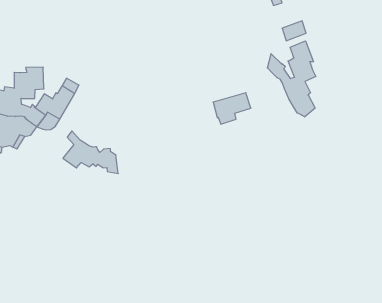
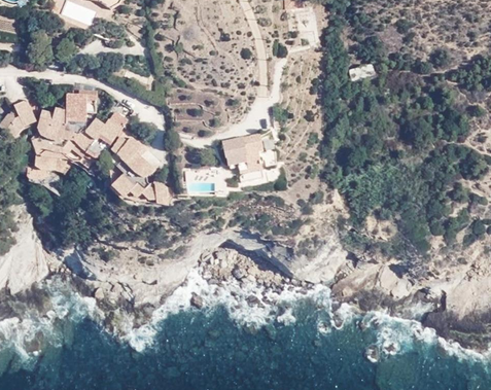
building: [267,41,316,117] -> none
building: [213,93,251,124] -> [223,135,262,166]
building: none -> [111,137,155,178]

